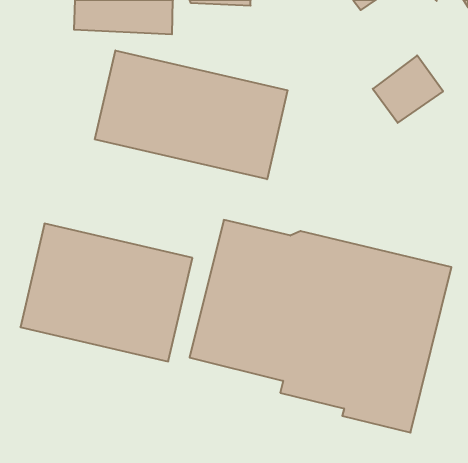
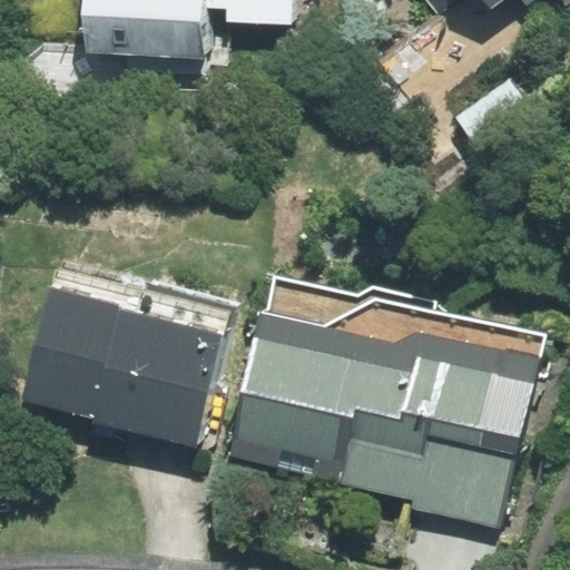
building: [95,50,288,179] -> none

